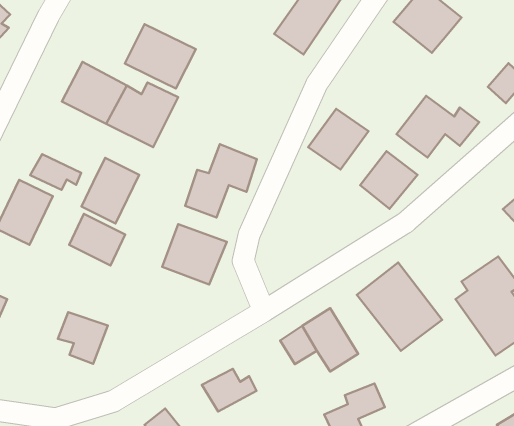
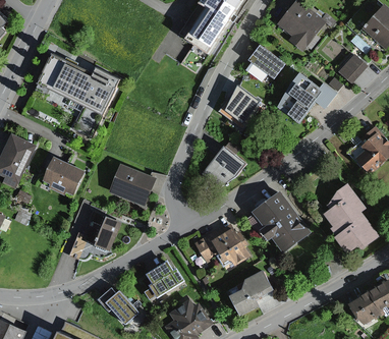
building: [125,24,196,89] -> none
building: none -> [247,47,281,76]
building: [185,144,257,218] -> none
building: [360,151,418,209] -> [202,149,241,188]
building: [30,154,81,190] -> none
building: [81,158,139,223] -> none
building: [58,312,108,364] -> [88,212,122,247]

